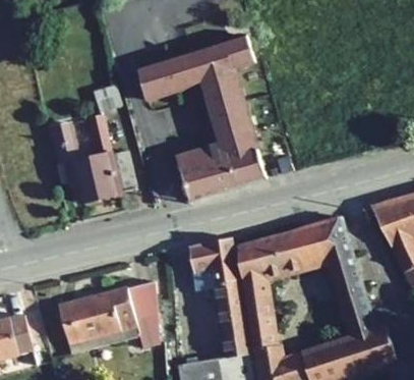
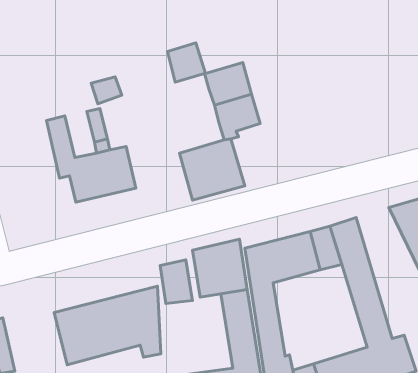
building: [192,37,255,83] -> none
building: [138,62,173,99] -> none
building: [225,129,267,187] -> none
building: none -> [160,260,193,304]

